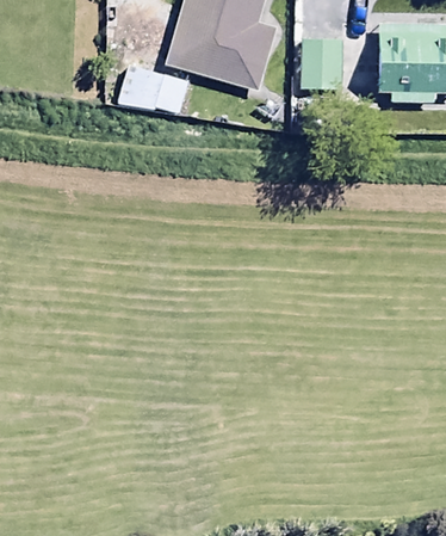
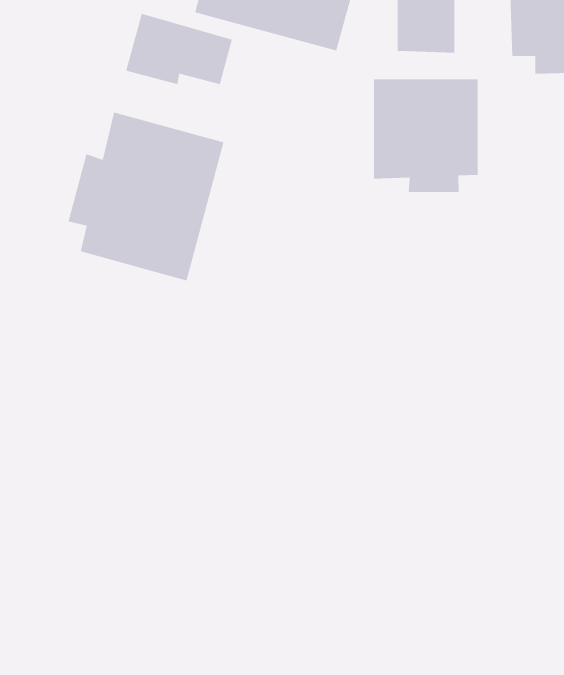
building: none -> [373,78,479,193]
building: none -> [67,111,225,281]

